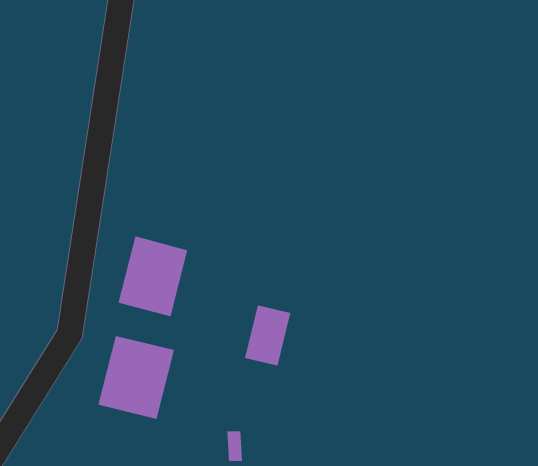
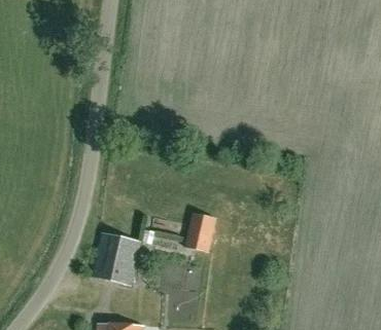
building: [118,236,188,317] -> none

